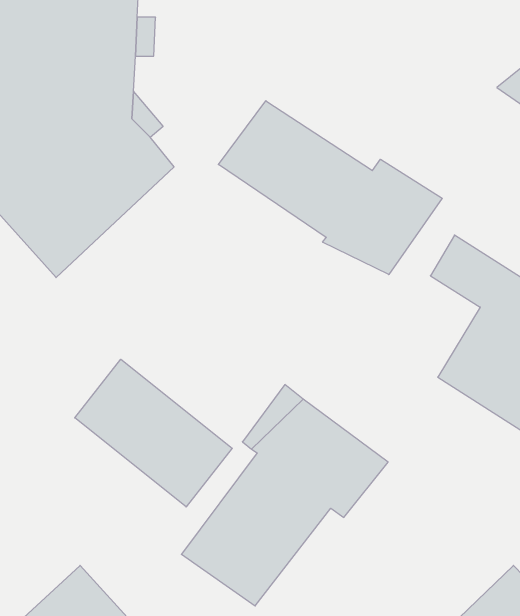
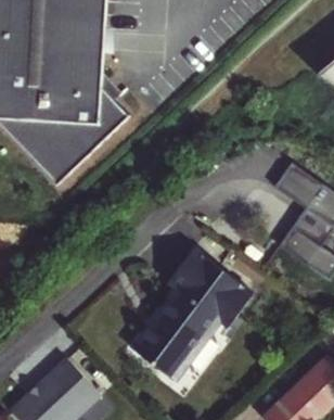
building: [218,101,442,275] -> none
building: [75,359,232,507] -> none

